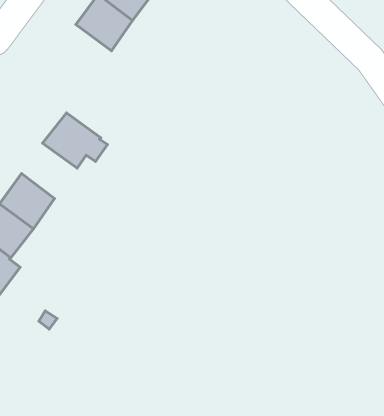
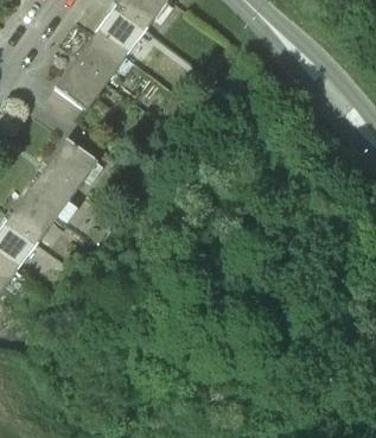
building: none -> [53,58,106,108]
building: none -> [25,165,75,215]

